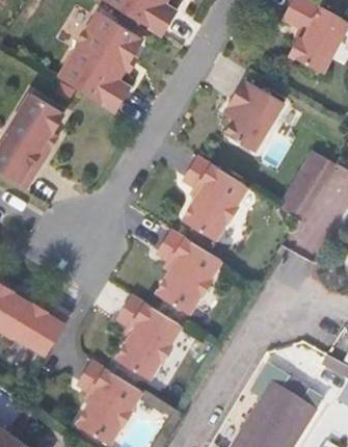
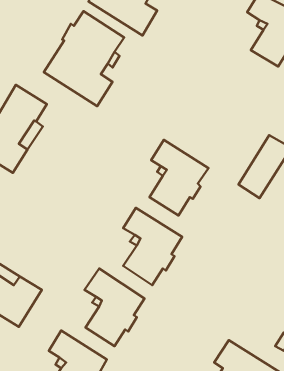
building: [227,79,287,151] -> none

